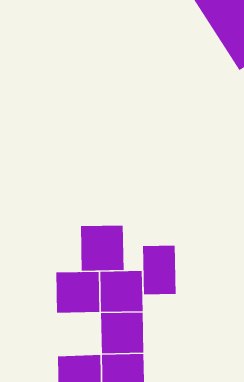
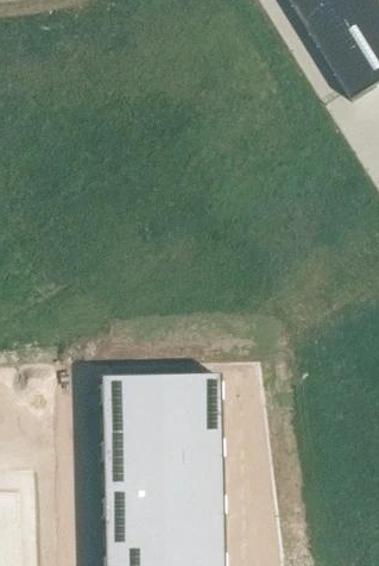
building: [80,225,124,271] -> none
building: [142,245,176,295] -> none
building: none -> [102,432,164,491]

